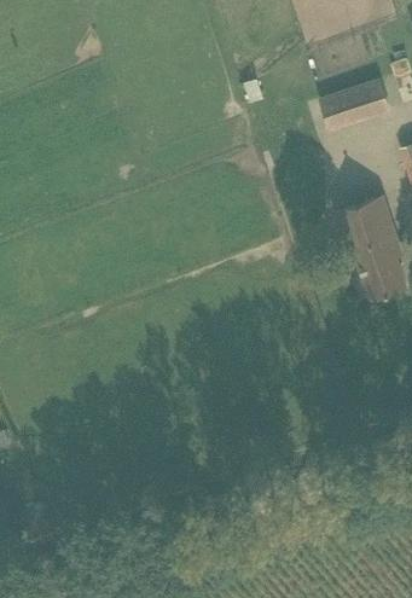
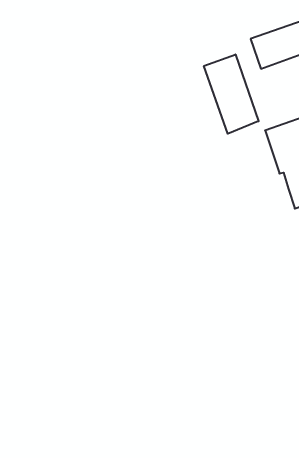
building: none -> [204,54,259,134]

